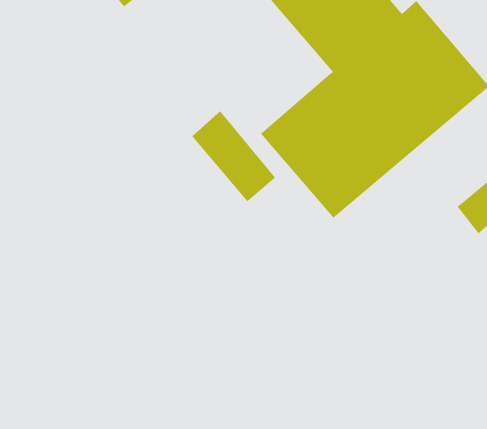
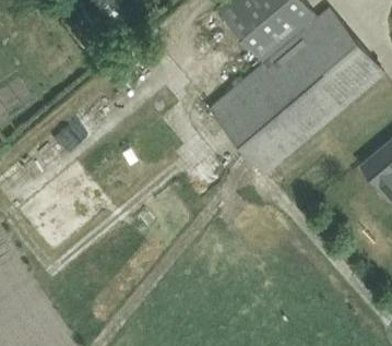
building: [191,111,276,202] -> none

